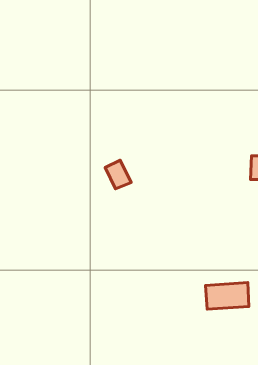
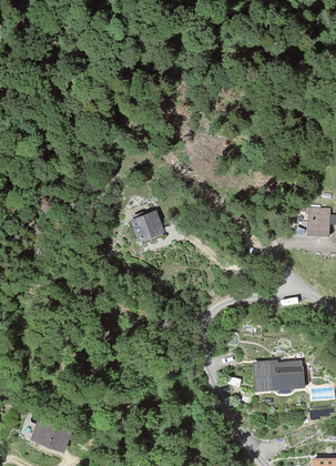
building: none -> [32,414,73,449]

